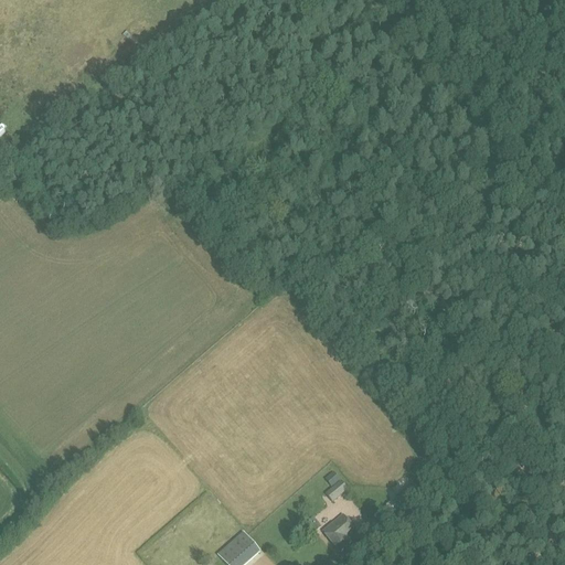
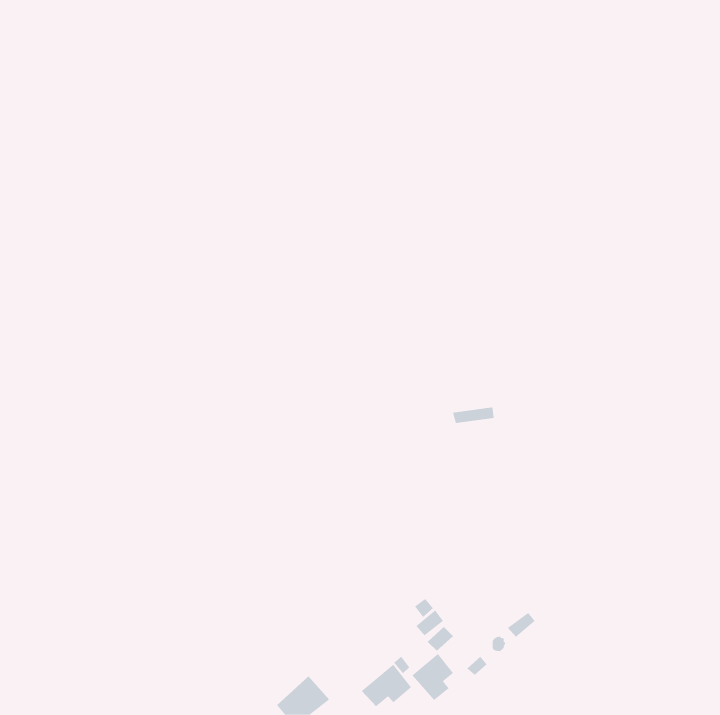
building: none -> [361,664,412,707]

